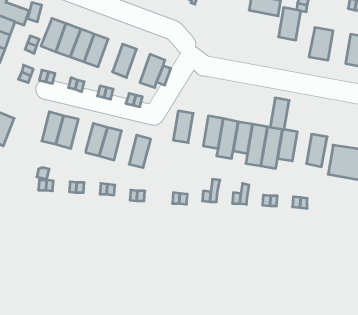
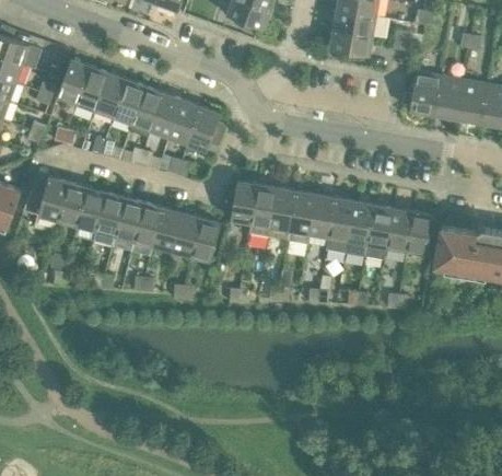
building: [278,8,301,40] -> [433,77,463,119]
building: none -> [131,88,163,130]
building: none -> [168,101,199,144]
building: [270,98,289,130] -> [386,209,411,251]
building: none -> [28,175,67,221]
building: none -> [249,185,276,228]
building: none -> [92,193,125,247]
building: none -> [152,208,182,252]
building: none -> [190,219,220,262]

